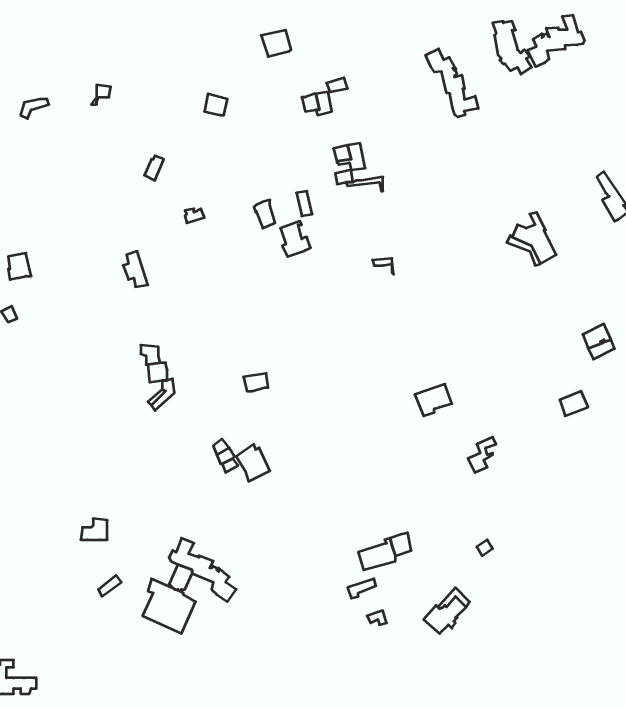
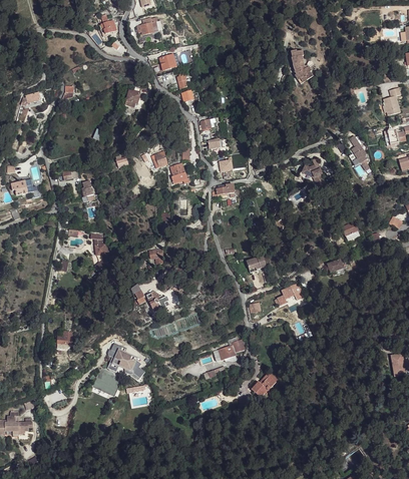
building: [528,15,584,67] -> none
building: [426,49,478,117] -> none

